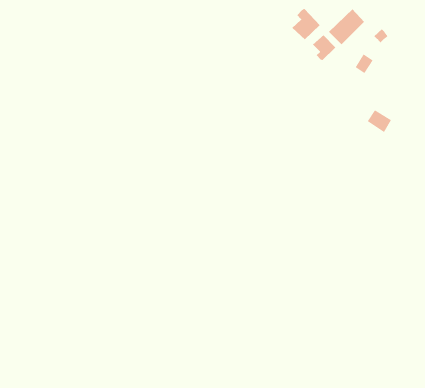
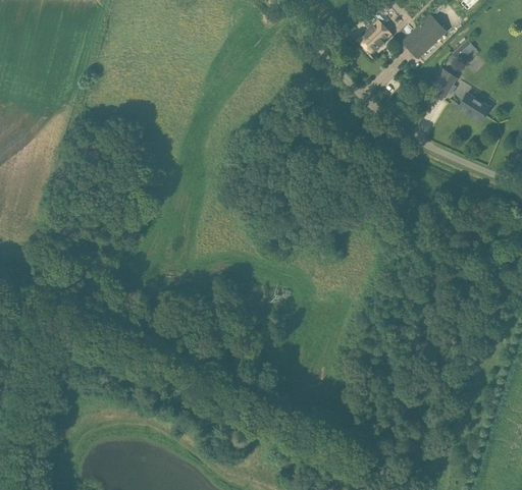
building: [312,34,336,61] -> none
building: [367,109,392,133] -> [459,94,489,122]

